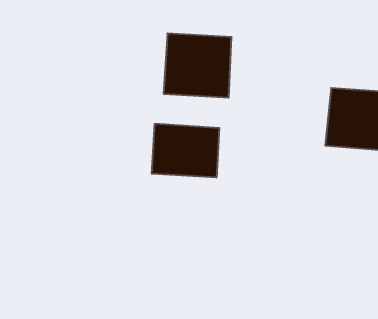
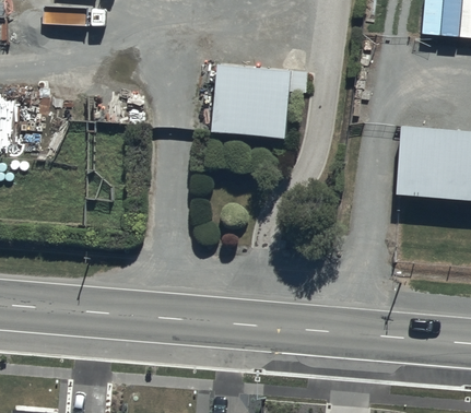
building: [152,124,219,178] -> none

